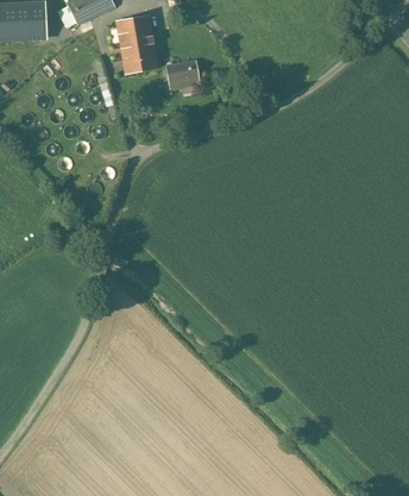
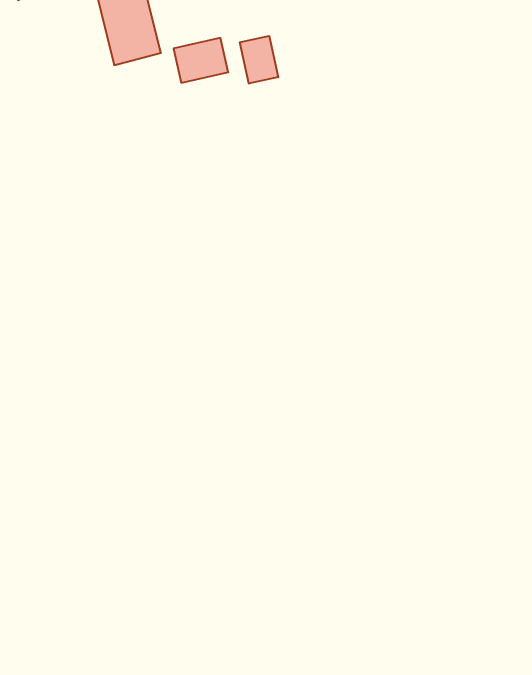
building: none -> [240,36,278,84]

